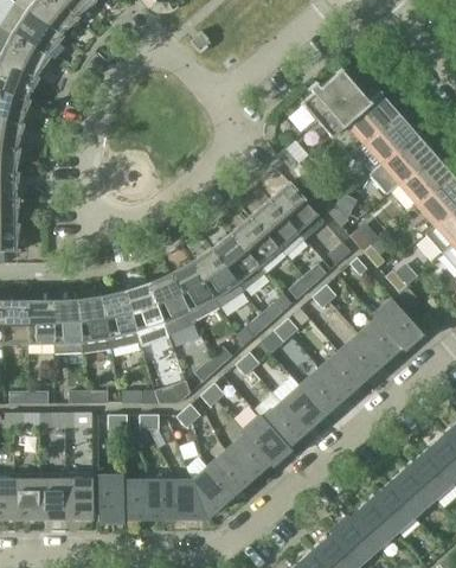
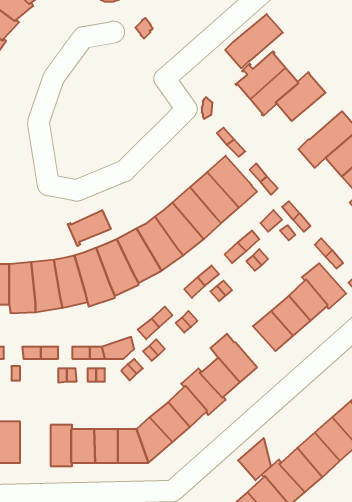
building: [353,114,416,173] -> [225,14,283,68]
building: none -> [68,210,111,246]
building: [300,369,343,414] -> none
building: [65,473,92,518] -> none
building: none -> [238,438,271,480]

